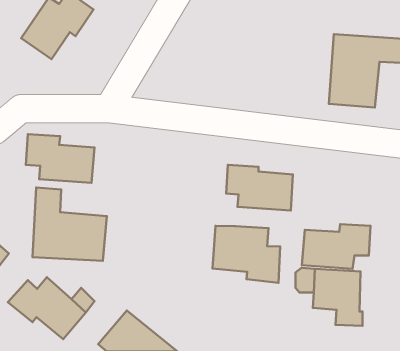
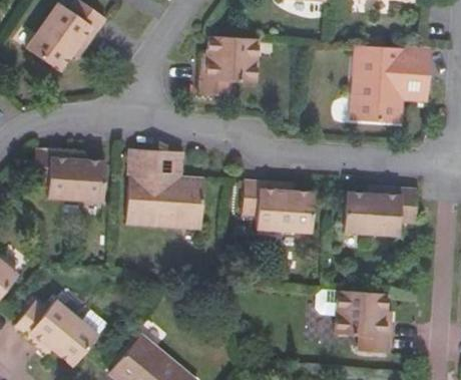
building: none -> [199,38,259,94]
building: [32,187,107,261] -> [126,150,204,228]
building: [302,224,371,269] -> [345,187,417,235]
building: [213,226,280,283] -> none

